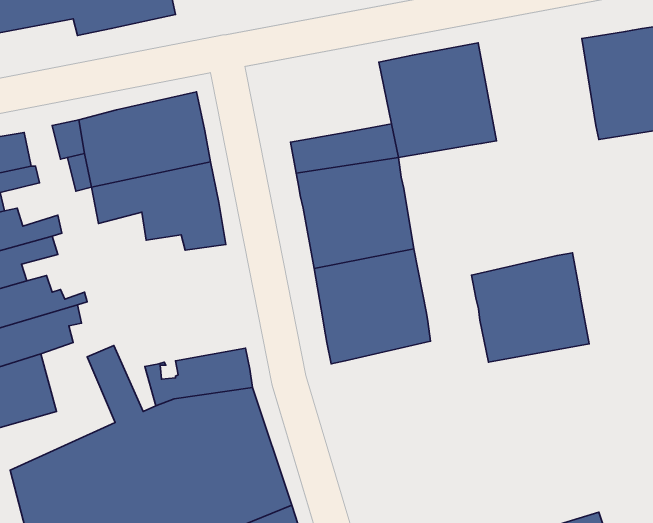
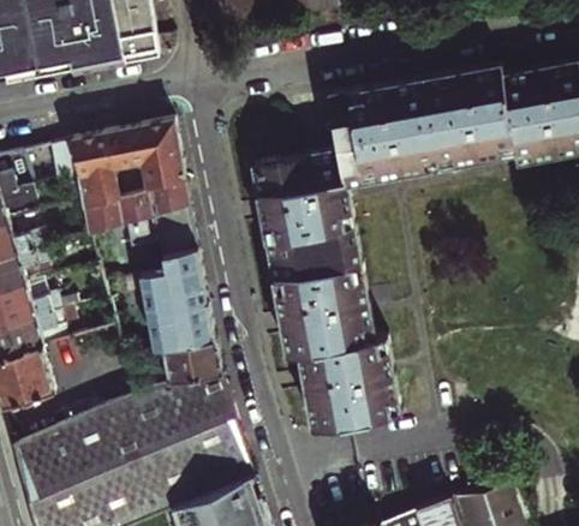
building: none -> [412,65,513,163]
building: none -> [125,252,213,354]
building: [472,253,589,362] -> [298,333,399,426]

